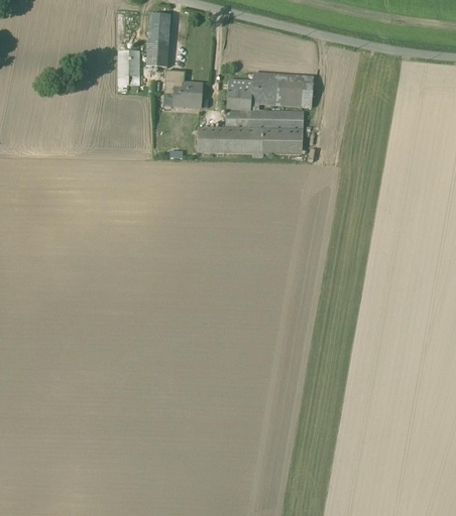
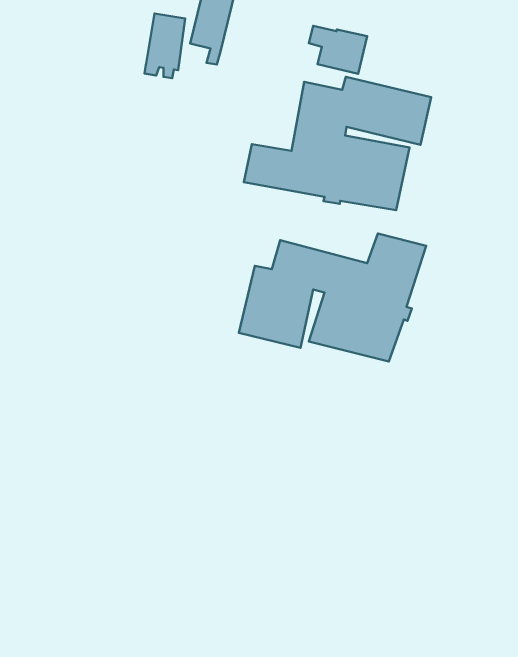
building: [164,81,203,108] -> [309,26,367,74]
building: none -> [239,233,426,362]

